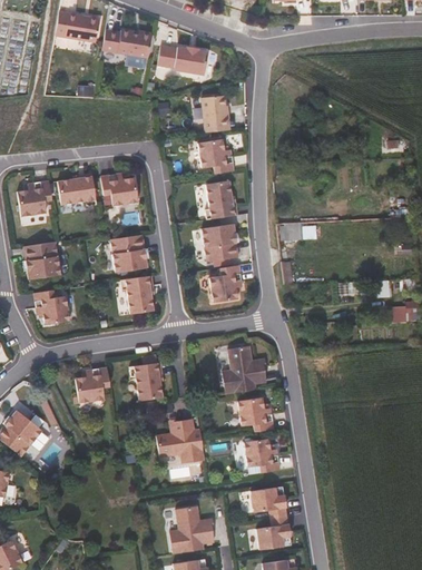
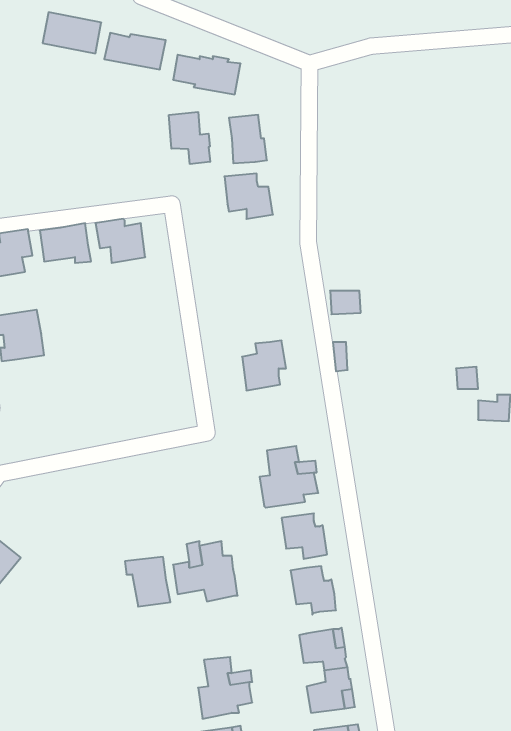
building: none -> [169,112,210,164]
building: [205,179,235,217] -> none
building: [206,230,239,267] -> none
building: [110,233,146,272] -> none
building: [120,275,154,313] -> none
building: [33,289,70,324] -> none
building: [129,362,164,400] -> [125,557,170,607]
building: [73,364,110,402] -> none

